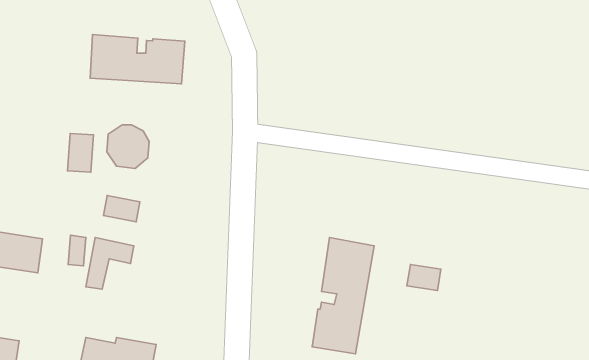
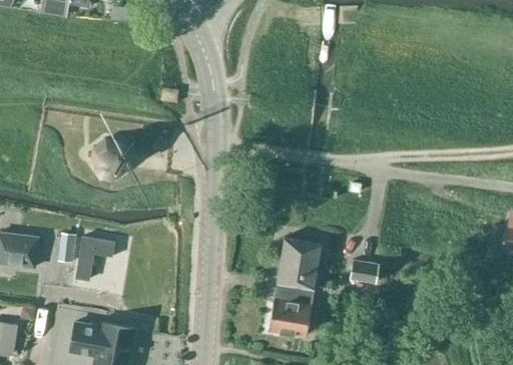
building: [90,34,185,84] -> none
building: [67,134,93,172] -> none
building: [104,196,140,222] -> none

